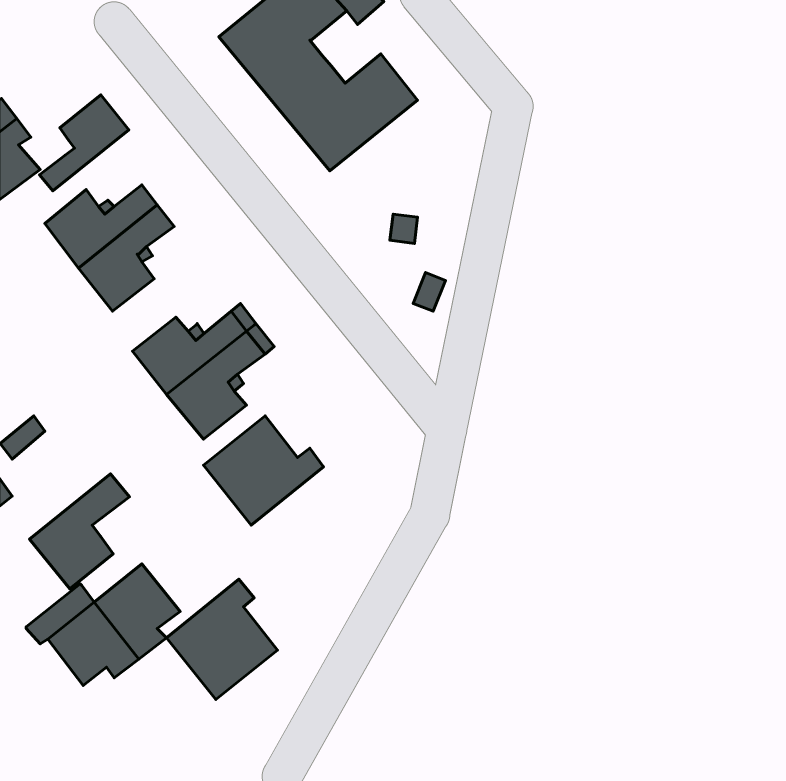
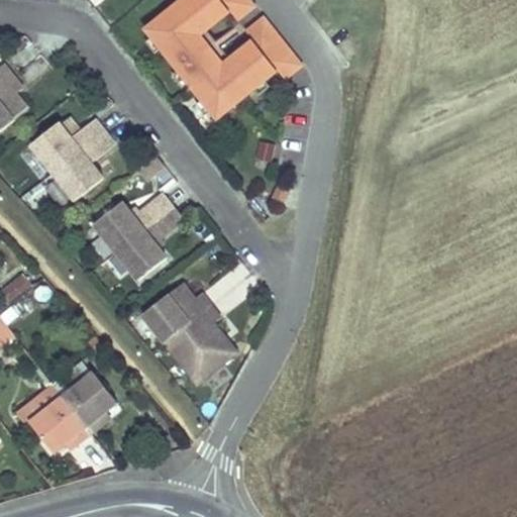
building: none -> [242,11,299,75]
building: [40,95,129,191] -> none
building: [29,474,129,589] -> none
building: [166,579,277,699] -> [165,306,237,385]

